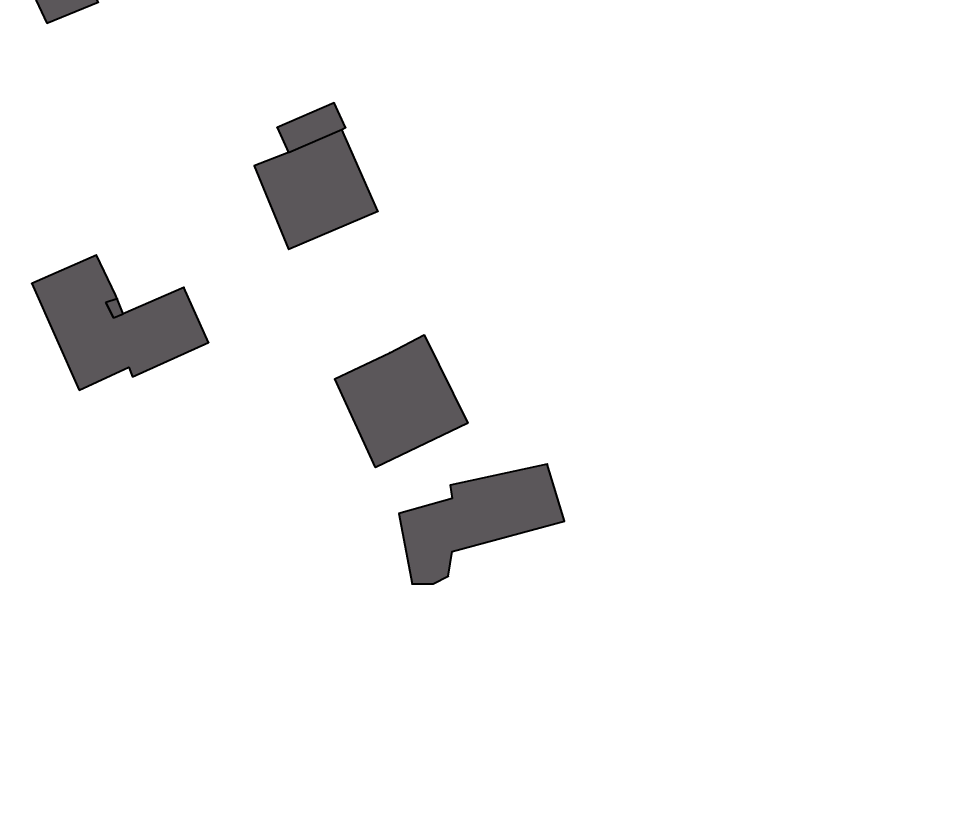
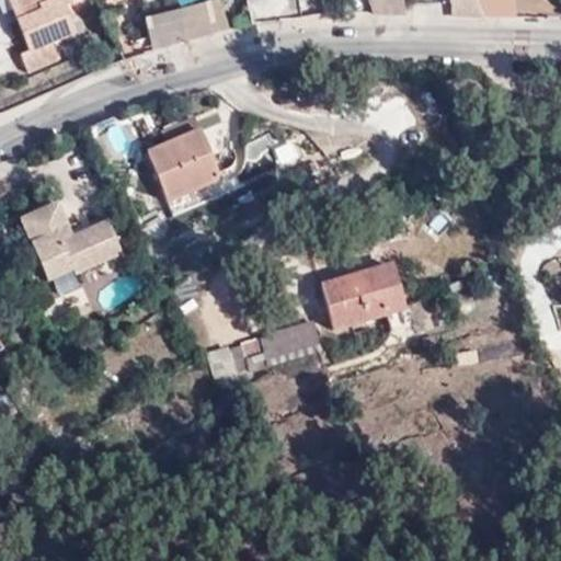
building: [335,335,468,467] -> none
building: none -> [324,268,408,331]

